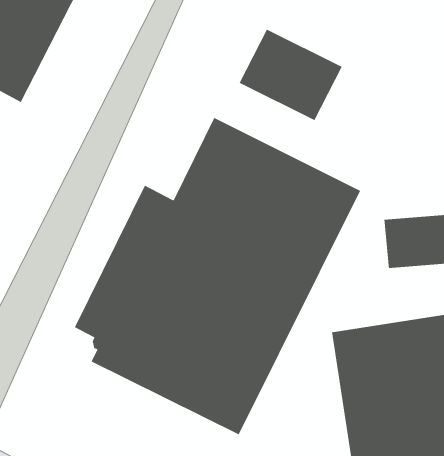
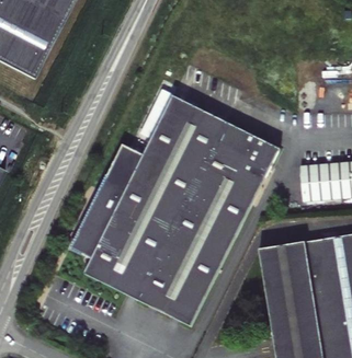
building: [238,28,343,121] -> none

